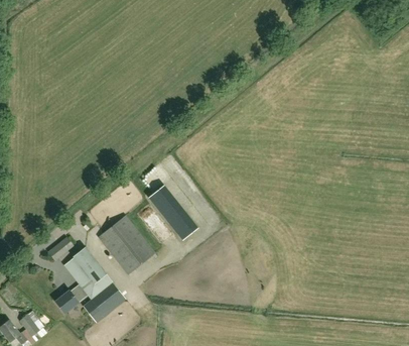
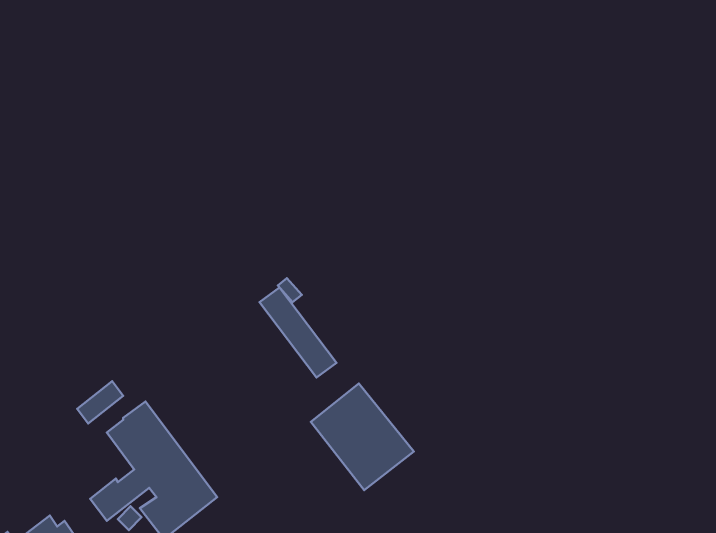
building: [99,215,155,273] -> [311,383,414,490]

